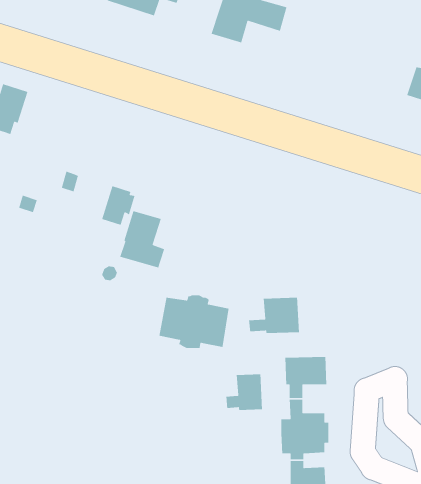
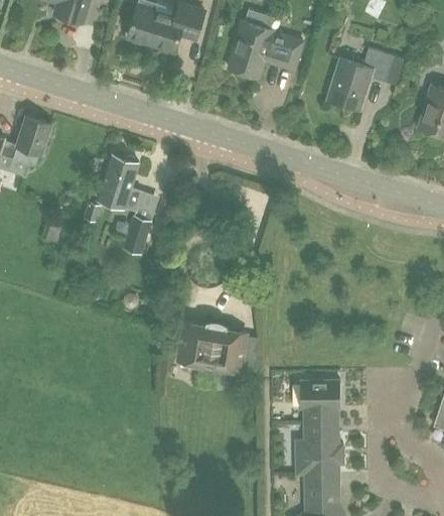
building: none -> [330,46,405,109]
building: [119,210,165,269] -> [98,153,142,210]
building: [248,297,300,334] -> none
building: [226,374,263,411] -> none

